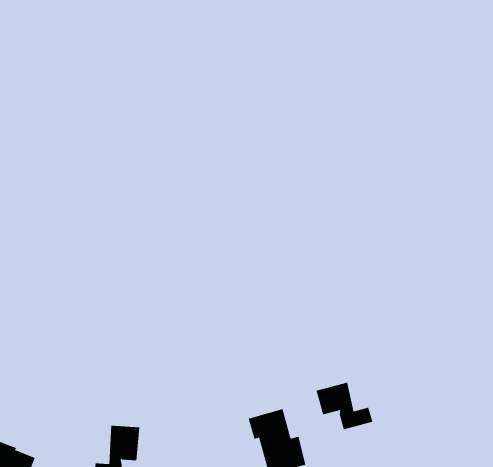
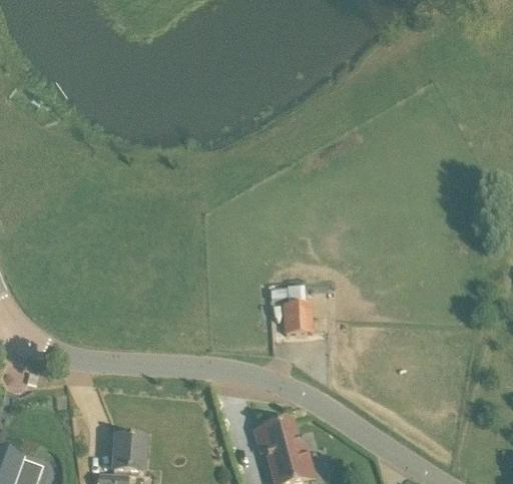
building: none -> [285,300,308,330]
building: [316,382,373,430] -> none

